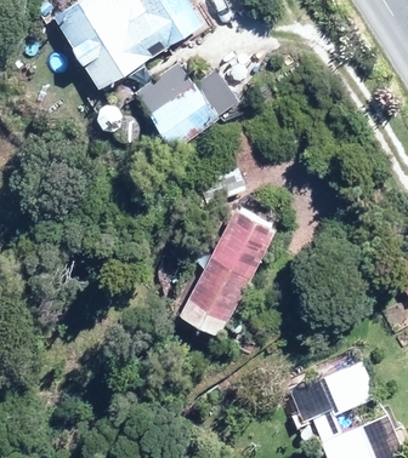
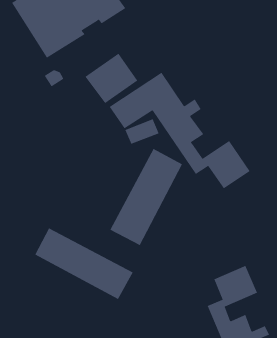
building: none -> [109,72,250,189]
building: none -> [34,227,134,300]

